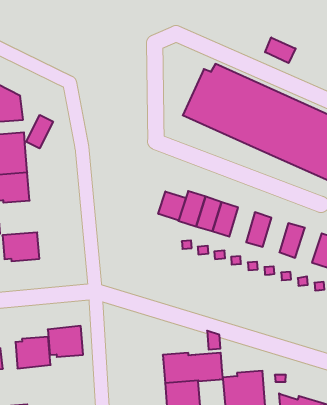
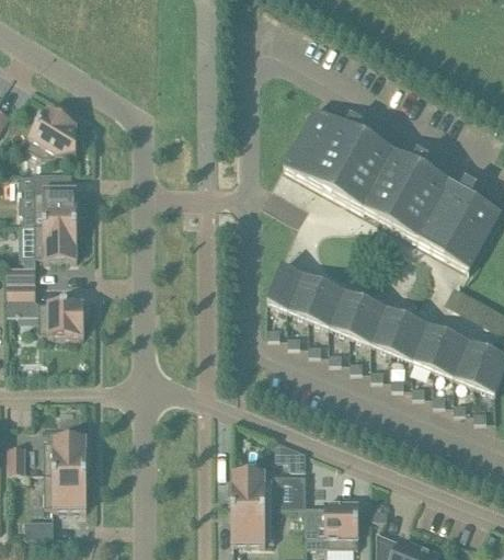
building: [265,37,296,63] -> none
building: [26,115,53,148] -> none
building: [158,191,186,220] -> none
building: none -> [329,290,364,335]
building: none -> [370,307,405,352]
building: none -> [411,323,447,368]
building: [48,326,83,357] -> [44,472,87,510]

